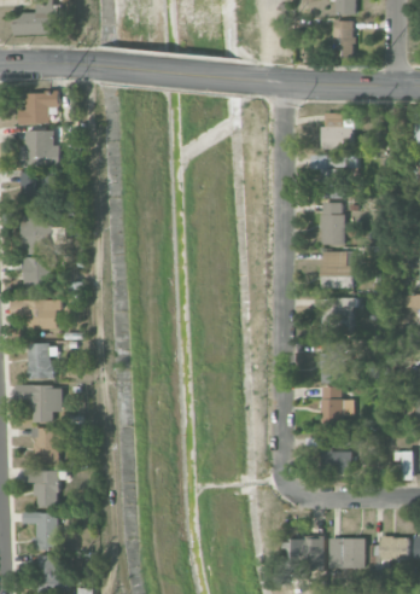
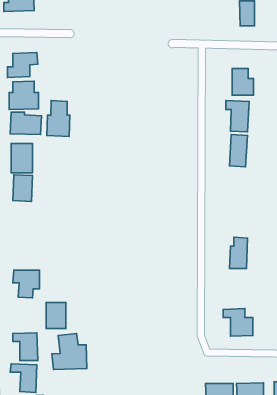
building: none -> [47,101,70,136]
building: [320,251,351,287] -> none
building: [320,298,352,334] -> none
building: [24,299,63,328] -> none
building: [28,343,52,378] -> none
building: [320,386,352,429] -> none
building: [34,429,60,464] -> [46,303,66,328]
building: none -> [52,334,87,370]

